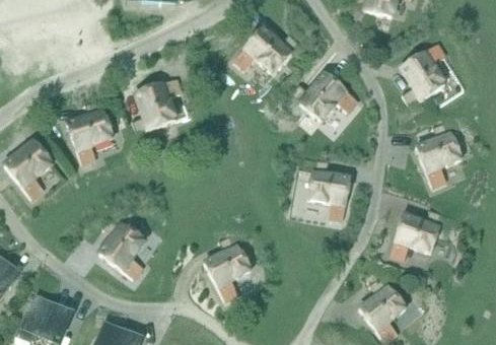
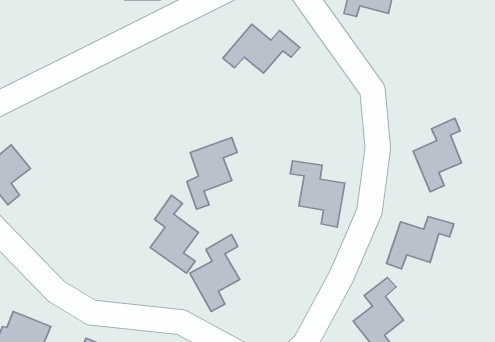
building: [401,44,445,115] -> none
building: [283,72,357,120] -> none
building: [133,78,181,146] -> [187,138,237,209]
building: [67,110,113,162] -> none
building: [99,203,145,277] -> [150,195,198,273]

